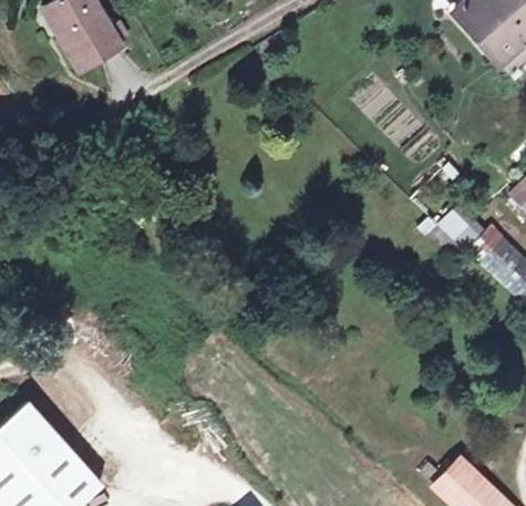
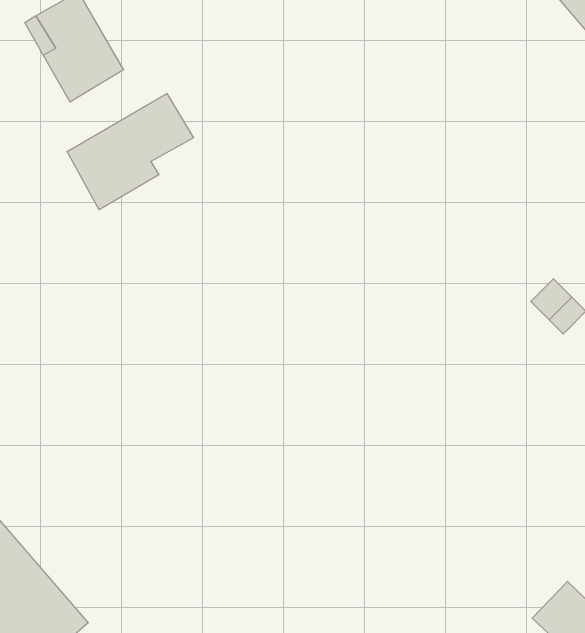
building: none -> [67,93,193,210]

